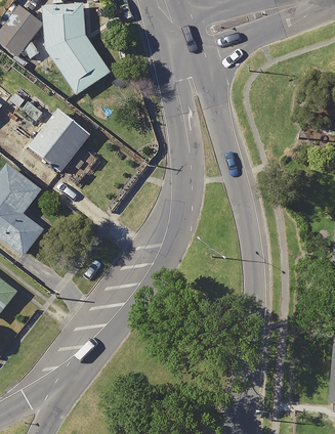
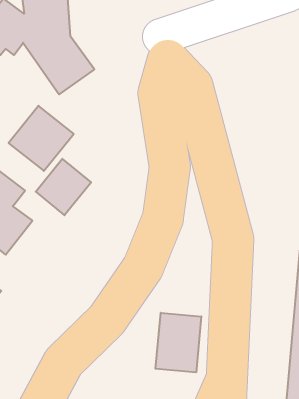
building: none -> [36,159,91,215]
building: none -> [155,313,201,372]

